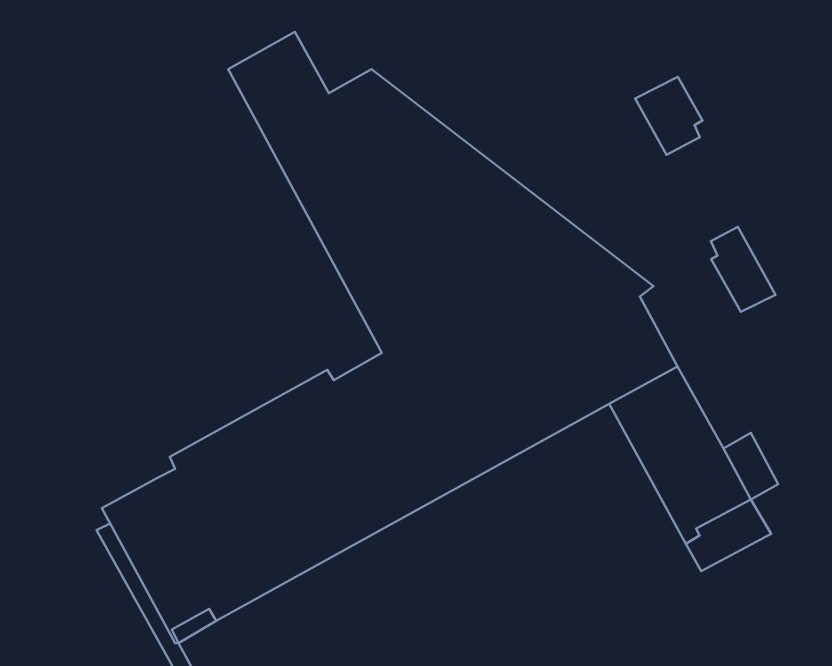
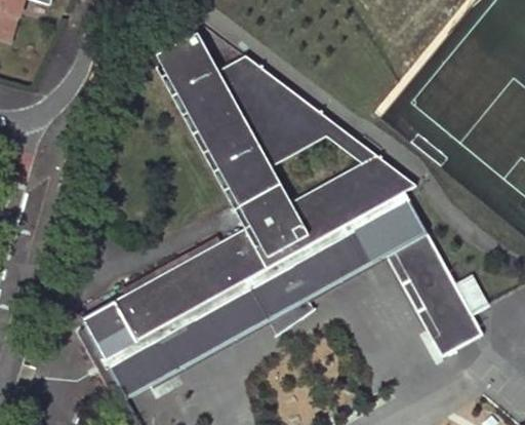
building: [635,77,702,155] -> none
building: [711,227,776,312] -> none

